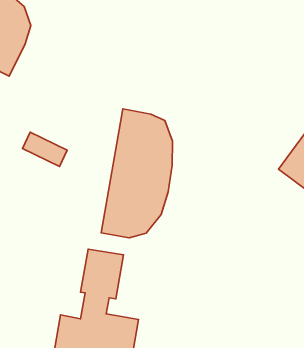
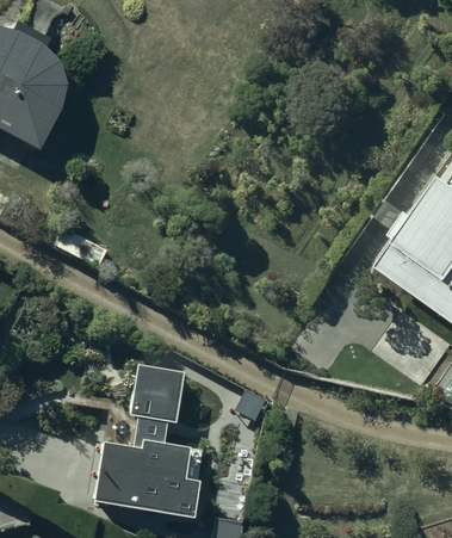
building: [101,109,173,238] -> none

